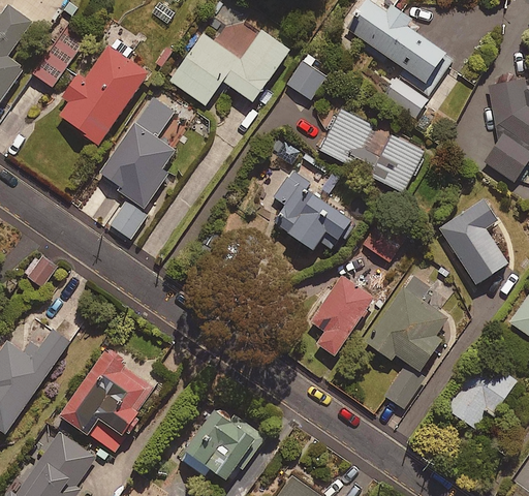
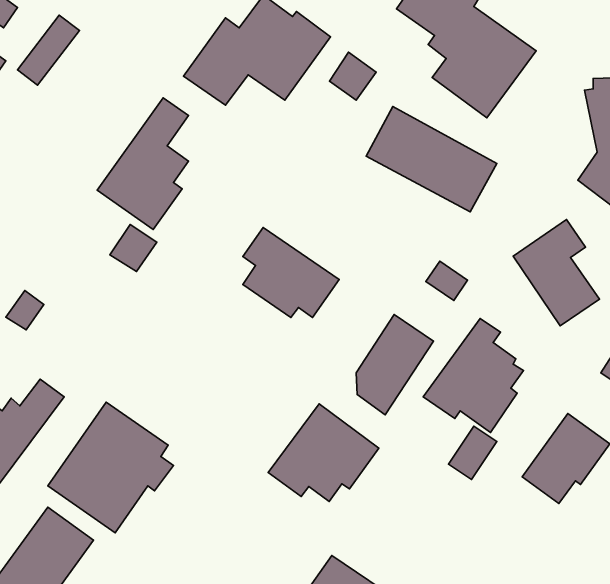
building: [60,45,148,143] -> none
building: [273,175,351,248] -> [243,227,339,318]
building: [177,401,267,481] -> [268,404,379,502]

